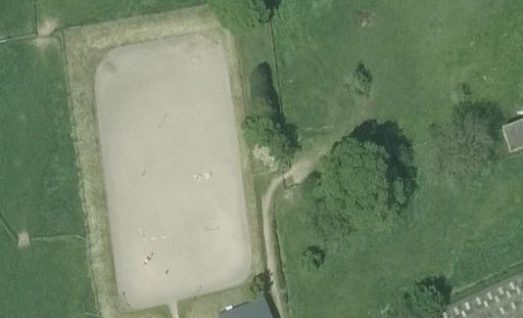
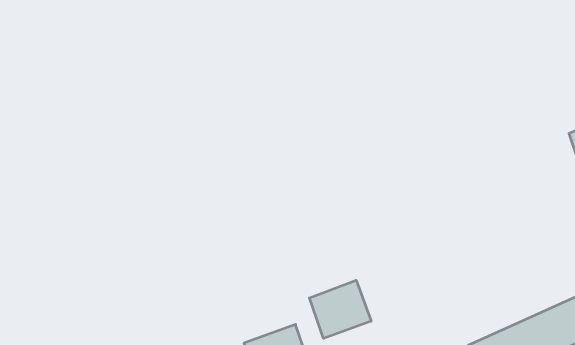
building: none -> [309,280,371,338]

